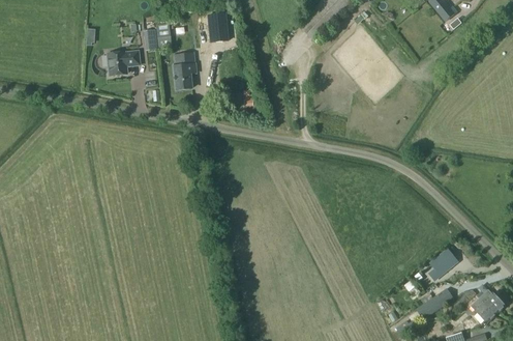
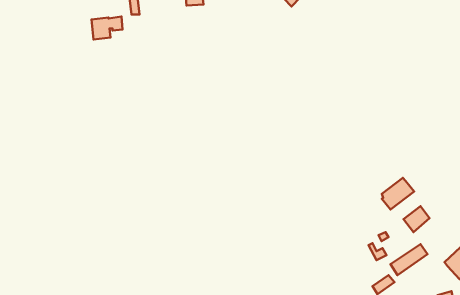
building: [174,54,194,89] -> none
building: none -> [382,178,414,210]

